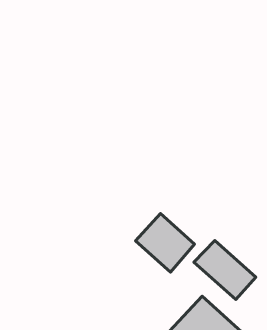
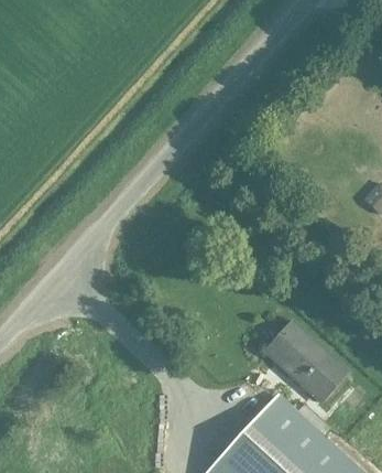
building: [136,213,194,272] -> none

